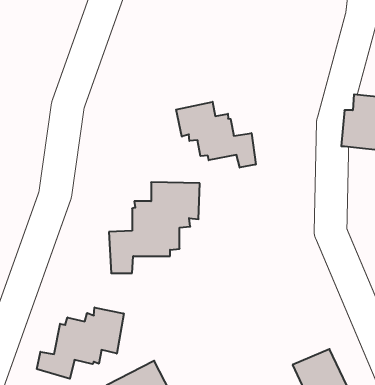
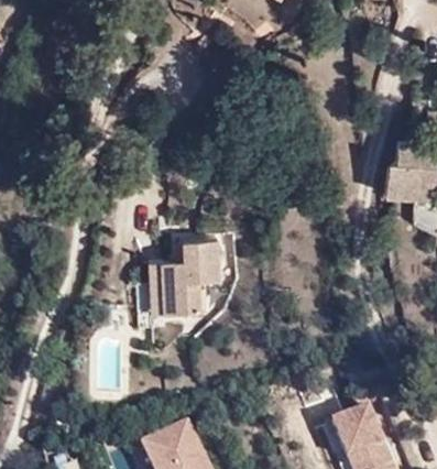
building: [176,102,256,168] -> none
building: [37,307,124,379] -> none

